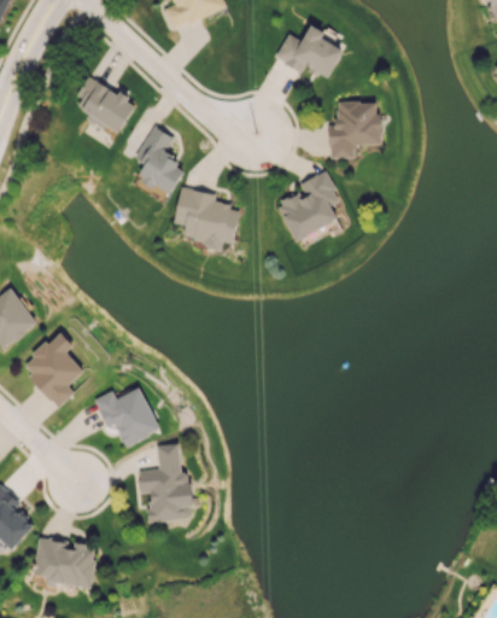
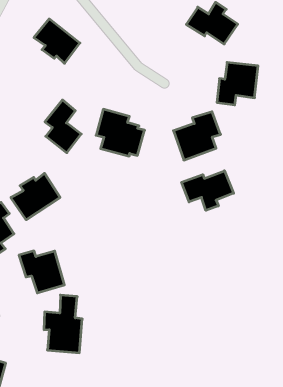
building: [135,126,186,196] -> [45,100,81,153]
building: none -> [182,171,234,210]
building: none -> [11,173,60,220]

